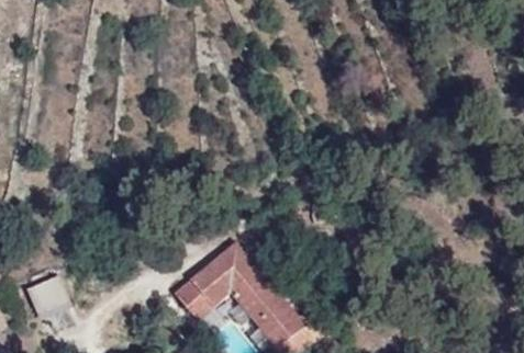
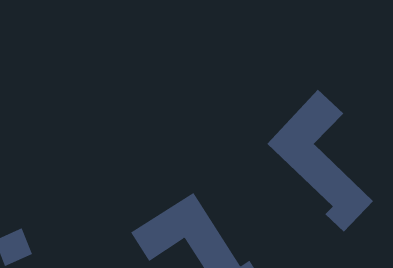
building: none -> [266,89,374,233]

